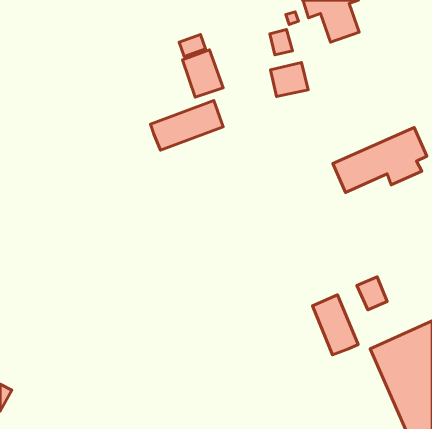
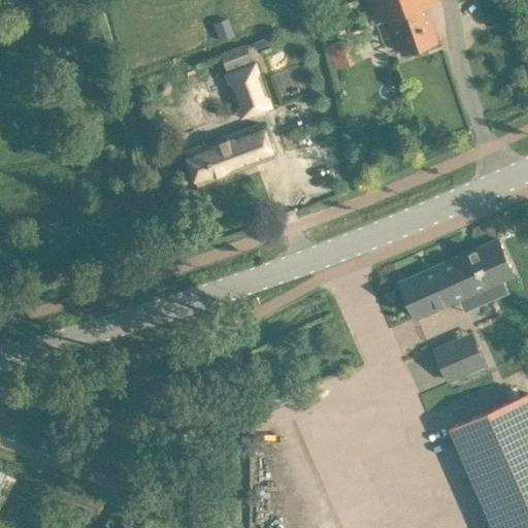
building: [270,62,308,97] -> none
building: [333,127,427,192] -> [400,240,515,320]
building: [312,295,358,355] -> none

